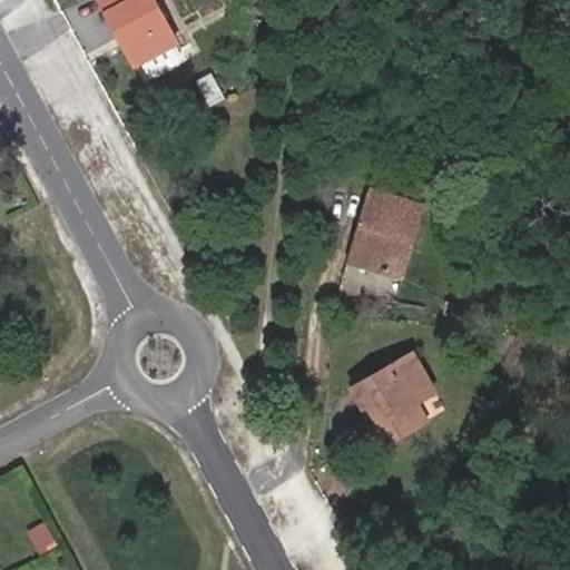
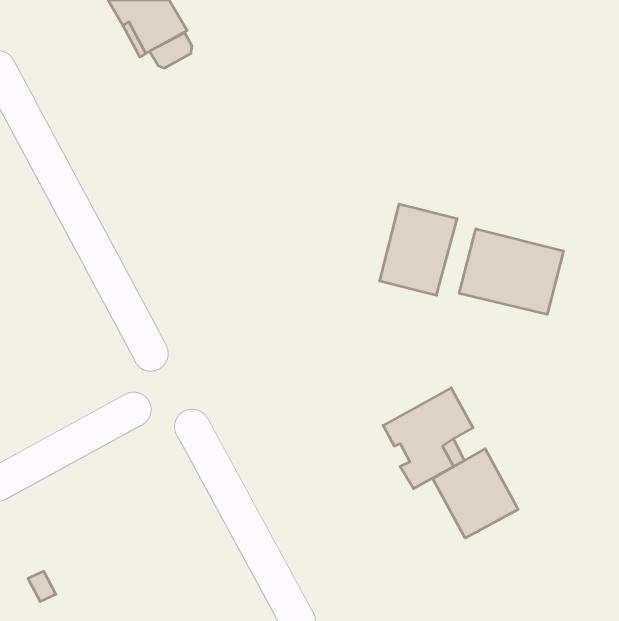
building: none -> [459,229,563,314]
building: none -> [433,449,518,538]

